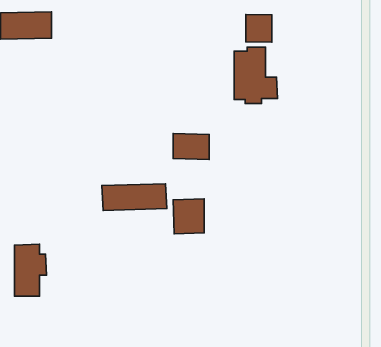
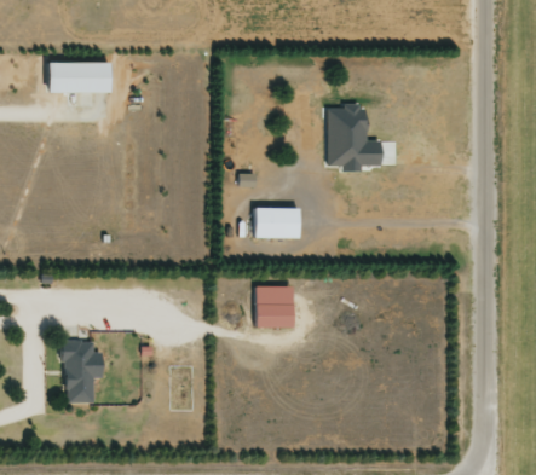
building: [246,14,272,42] -> none
building: [102,184,167,211] -> none

